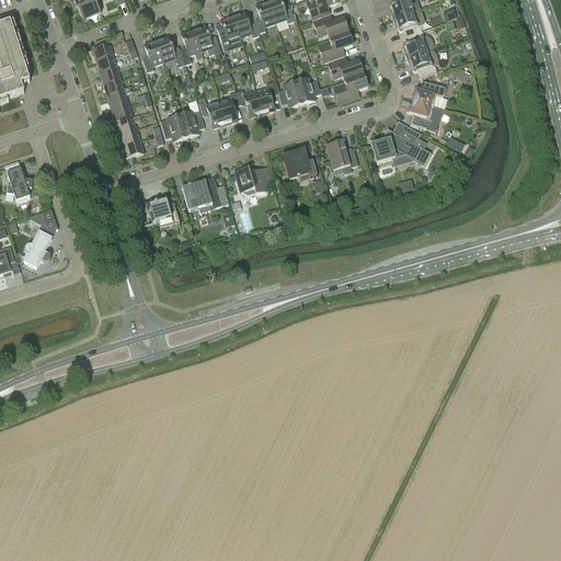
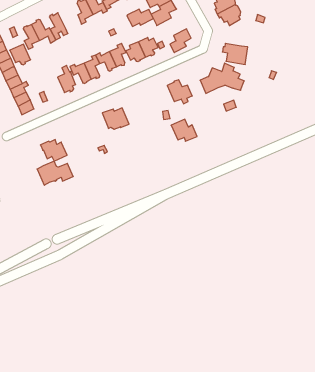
building: [193,22,222,57] -> none
building: [328,57,363,79] -> [127,9,153,26]
building: [411,79,445,105] -> none
building: [161,114,187,141] -> [10,44,31,65]
building: [284,150,317,180] -> [171,119,197,141]
building: [182,179,229,209] -> [37,161,73,185]

